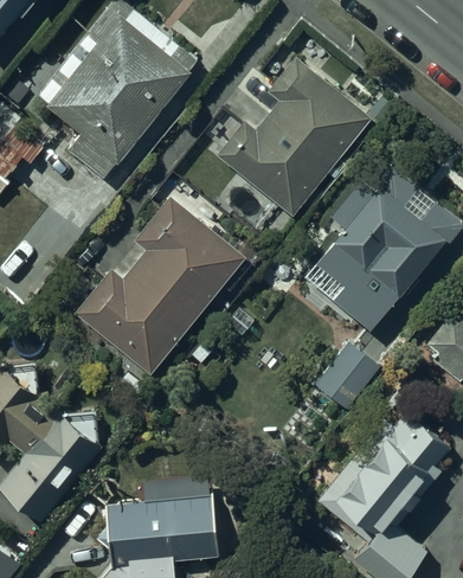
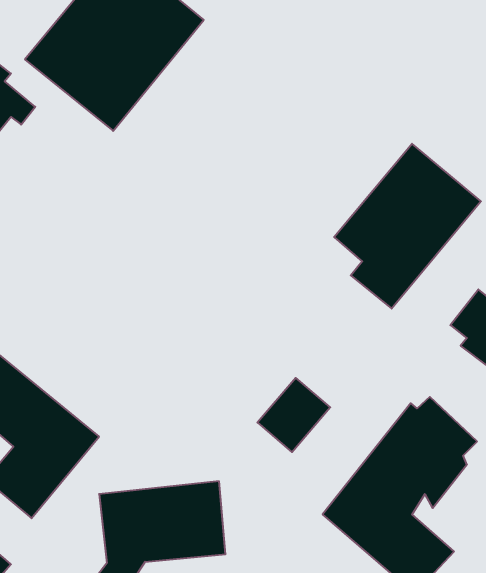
building: [217,53,379,218] -> none
building: [73,195,249,379] -> none
building: [316,345,384,413] -> [257,378,330,452]

